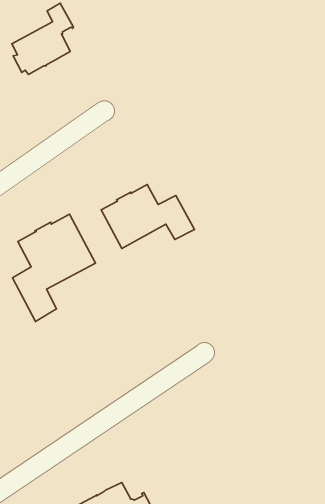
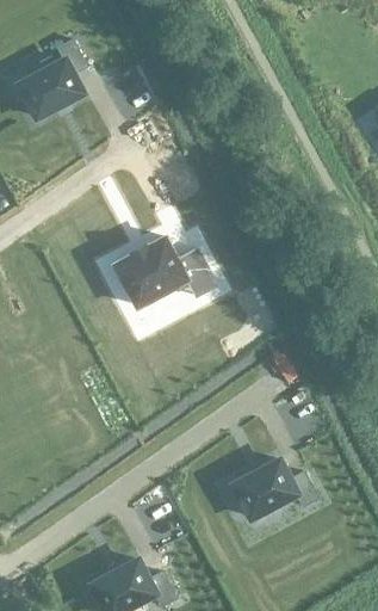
building: [12,214,96,321] -> none
building: none -> [231,459,317,517]

